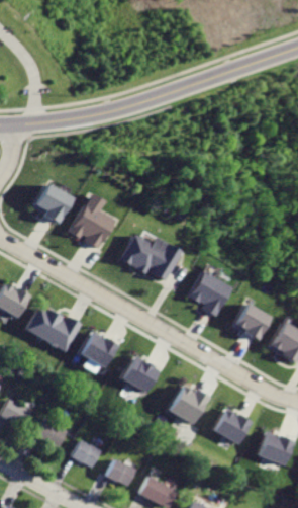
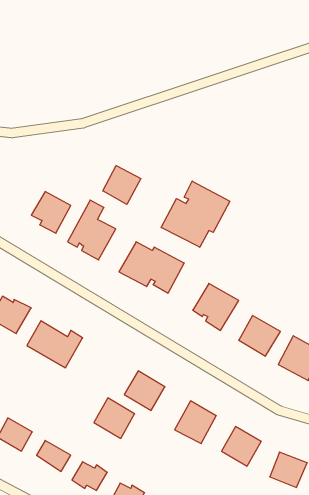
building: none -> [103,166,141,204]
building: none -> [161,181,230,247]
building: [80,330,118,368] -> [94,398,135,438]

